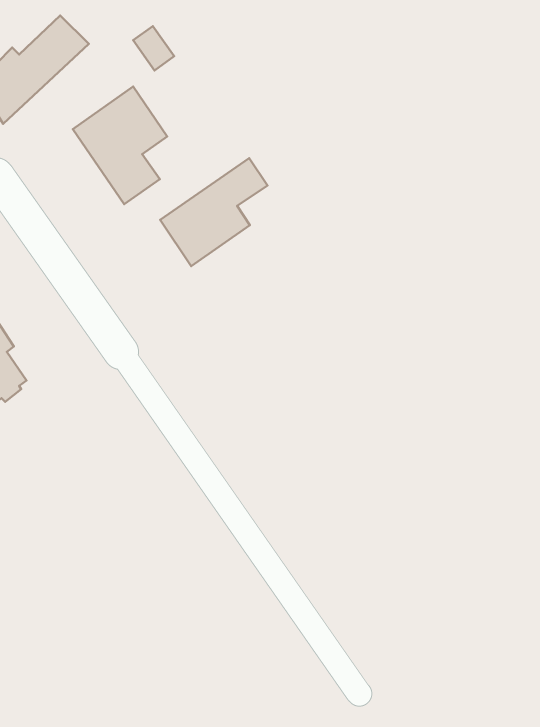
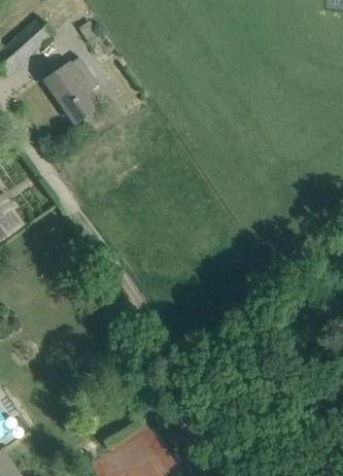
building: [160,158,268,266] -> none

